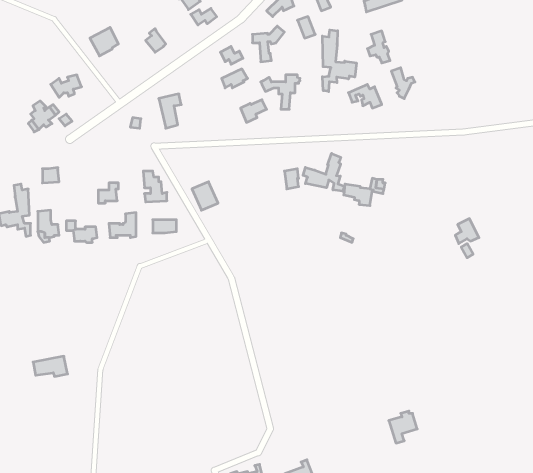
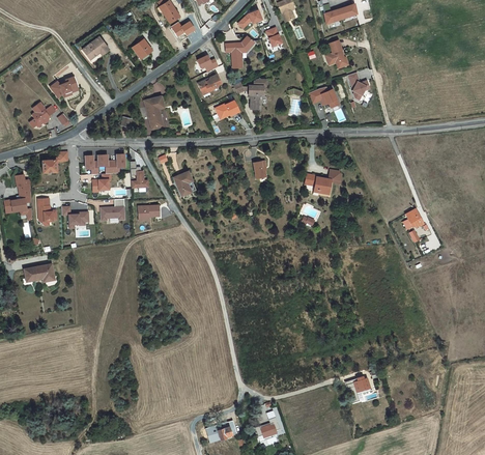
building: [322,30,356,92] -> none
building: [303,153,344,191] -> none
building: none -> [84,153,123,174]
building: [33,356,68,376] -> [25,264,55,282]

